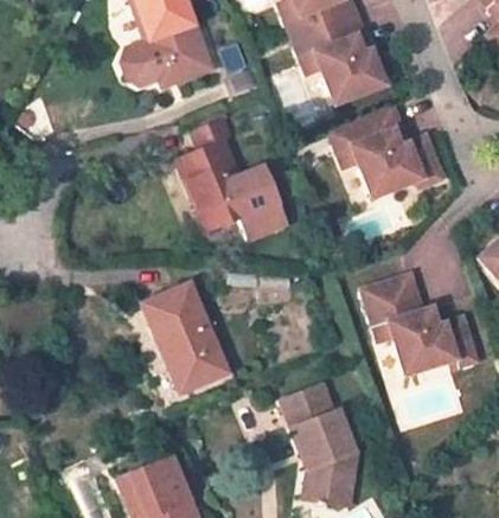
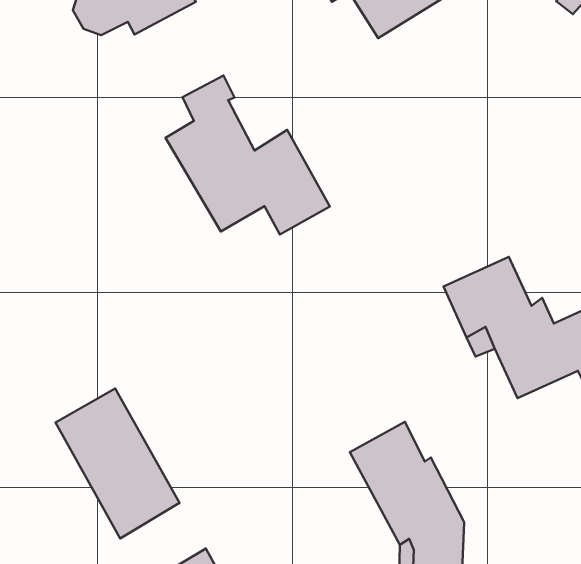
building: [322,113,436,204] -> none
building: [146,283,226,390] -> [56,388,179,539]

